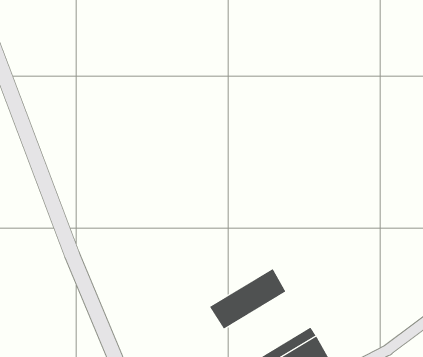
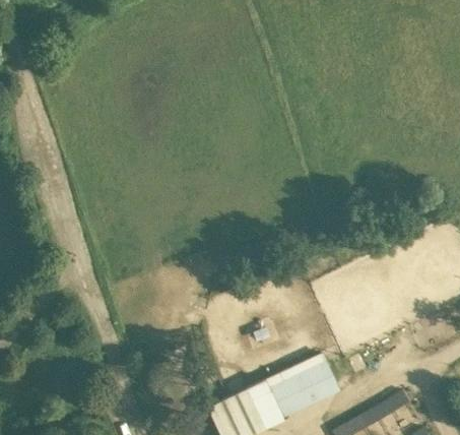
building: [209,268,286,330] -> none

